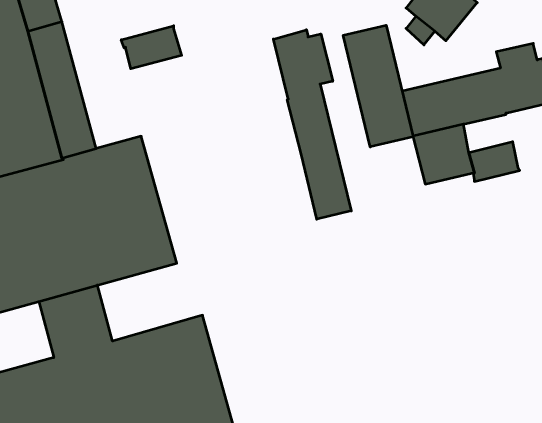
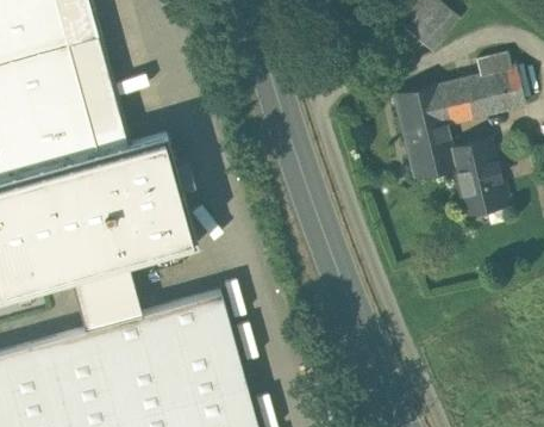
building: [343,25,413,147] -> none
building: [121,26,182,69] -> none
building: [273,30,351,219] -> none
building: none -> [454,162,502,214]

